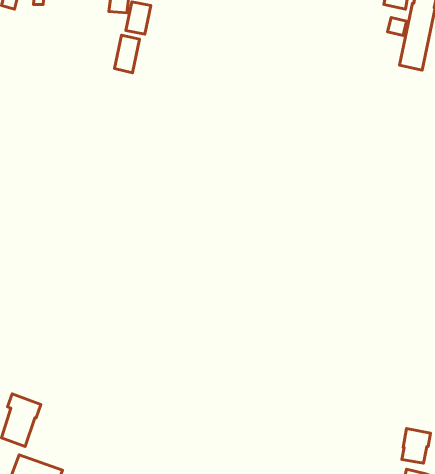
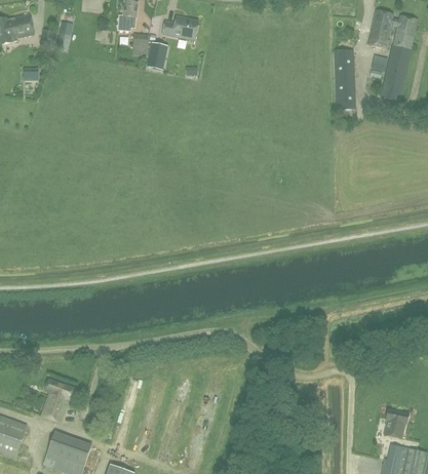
building: none -> [334,48,354,108]
building: [115,35,139,73] -> none

